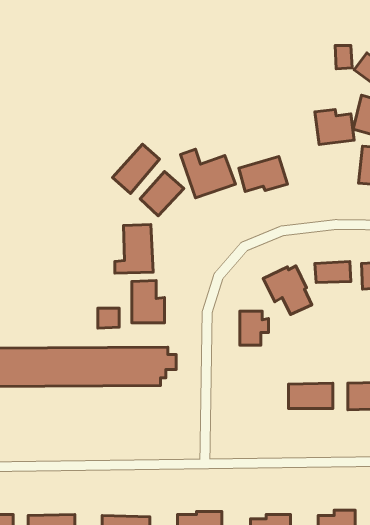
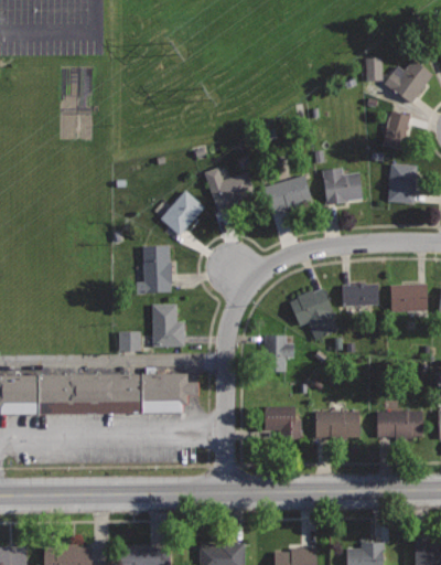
building: [315,110,354,144] -> [322,168,363,204]
building: [112,144,160,194] -> none
building: none -> [263,406,303,441]

